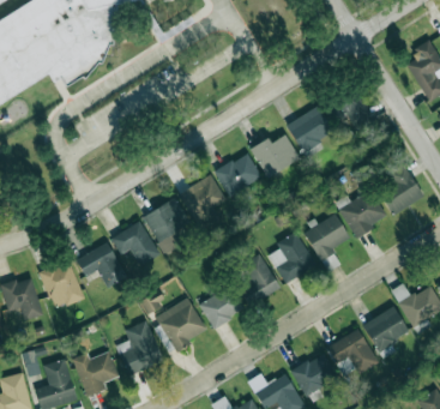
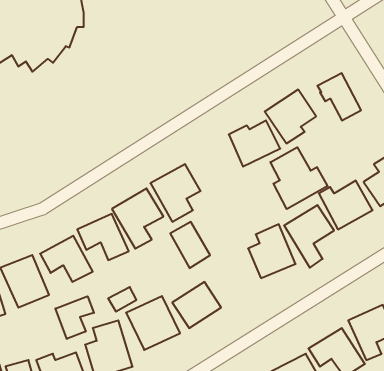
building: [215,152,261,197] -> none
building: none -> [270,147,328,209]
building: [241,254,278,297] -> [170,222,210,268]
building: none -> [55,296,94,339]

